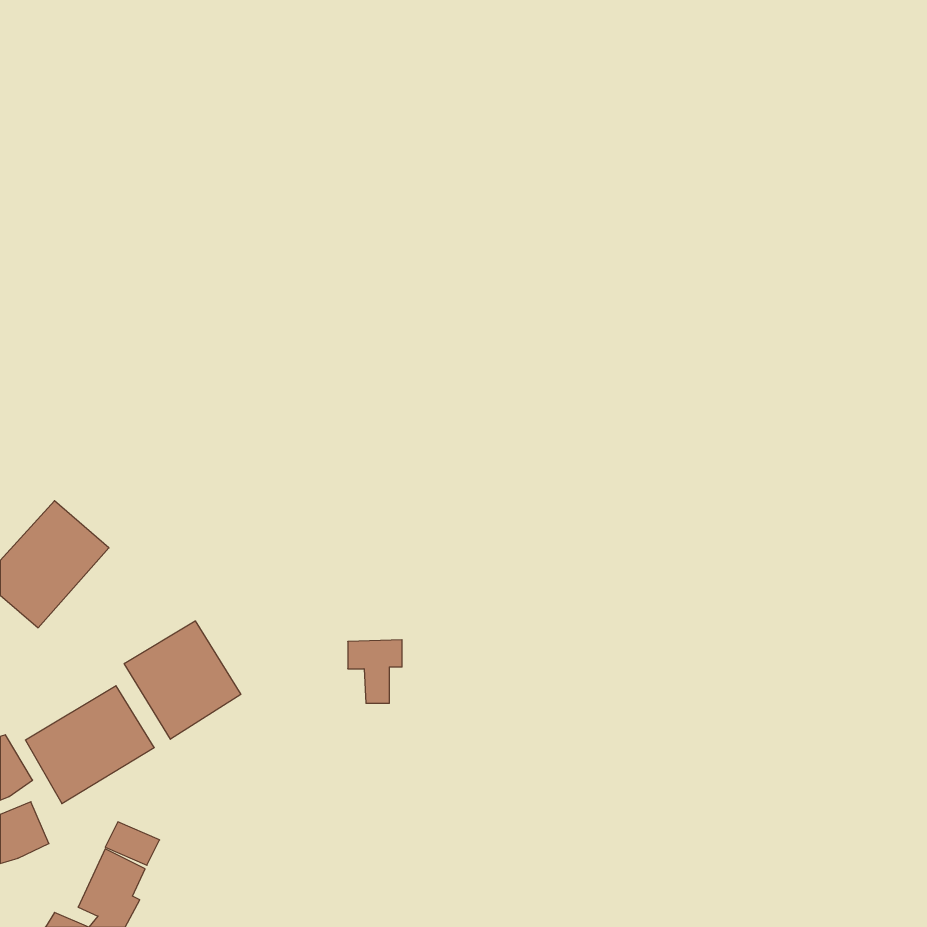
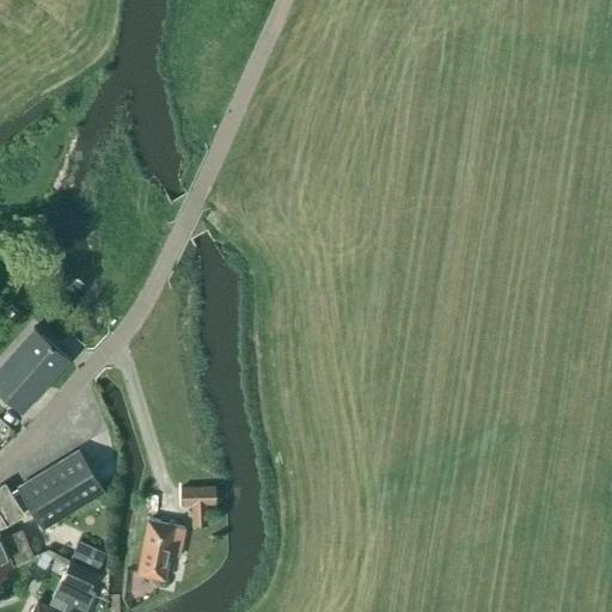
building: [124,621,241,739] -> none
building: [348,640,402,703] -> [178,485,214,527]
building: none -> [136,521,183,580]

